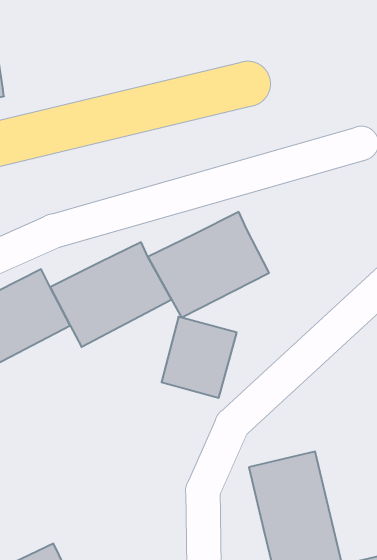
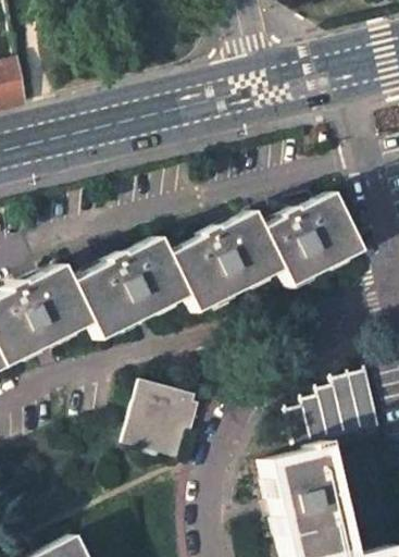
building: none -> [258,195,357,289]
building: [161,317,237,398] -> [123,379,196,457]
building: none -> [286,369,379,446]

